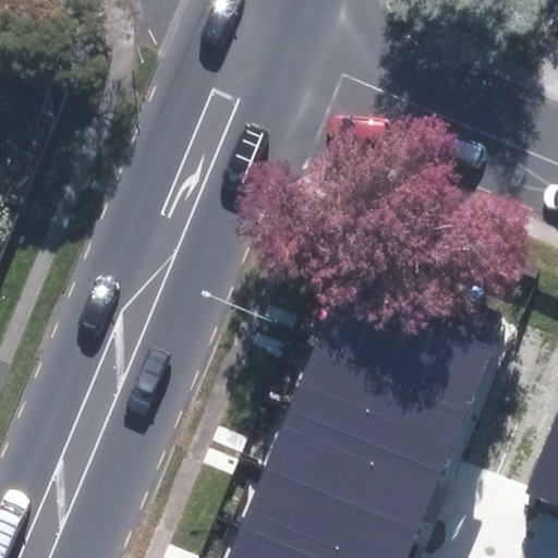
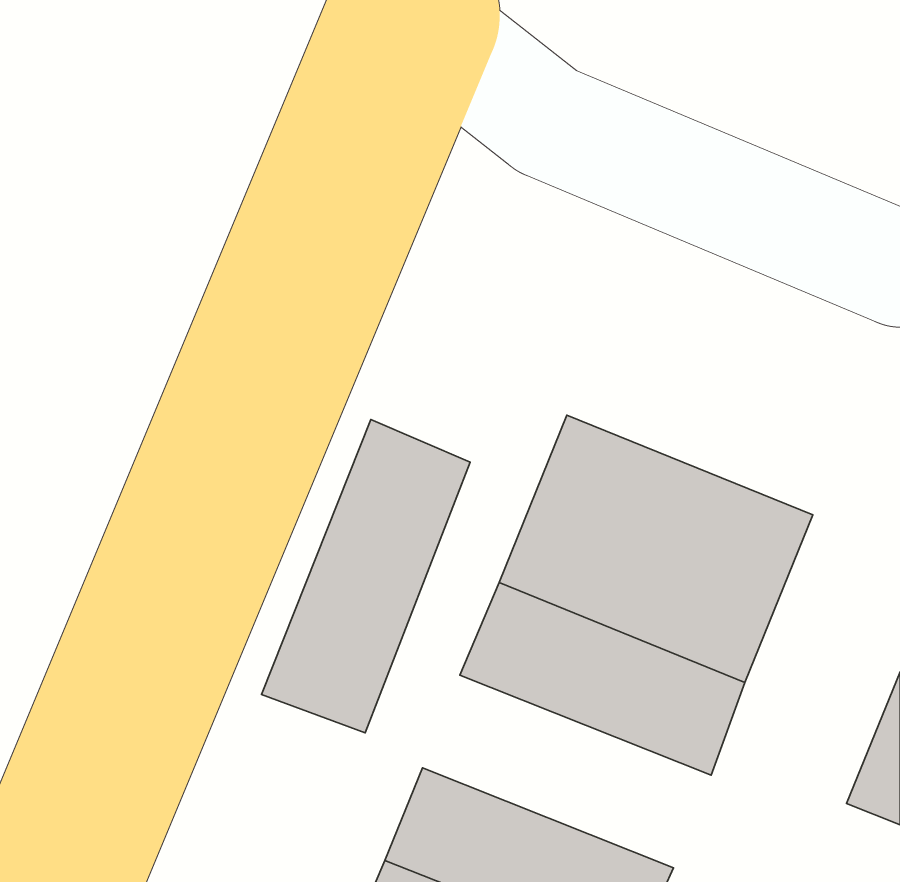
building: none -> [262,420,470,733]
building: [258,430,435,548] -> none

